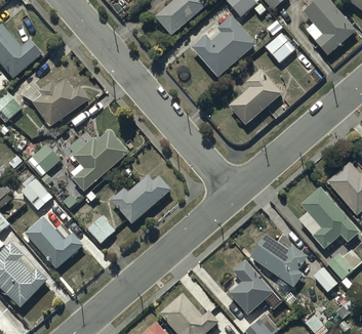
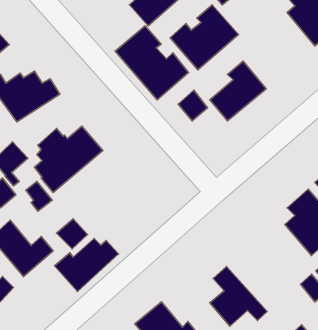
building: [264,32,295,62] -> none
building: none -> [115,26,189,100]
building: none -> [178,90,208,121]
building: [110,174,169,223] -> [54,238,118,291]
building: [249,233,308,287] -> none

